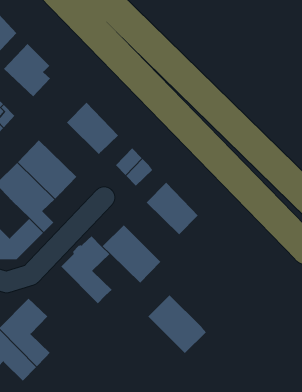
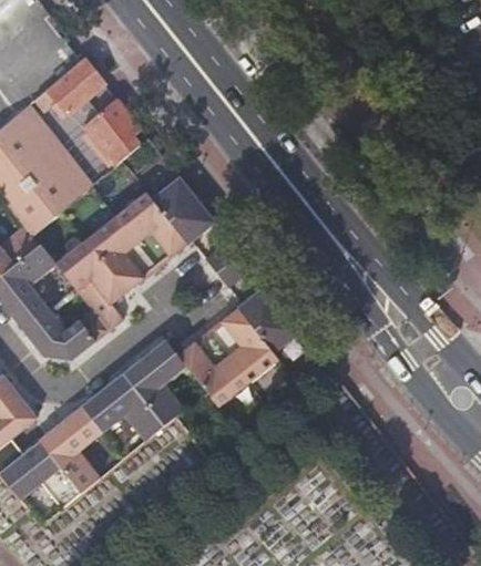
building: none -> [116,193,187,267]
building: none -> [81,373,164,441]
building: [147,295,207,354] -> [207,308,277,382]

